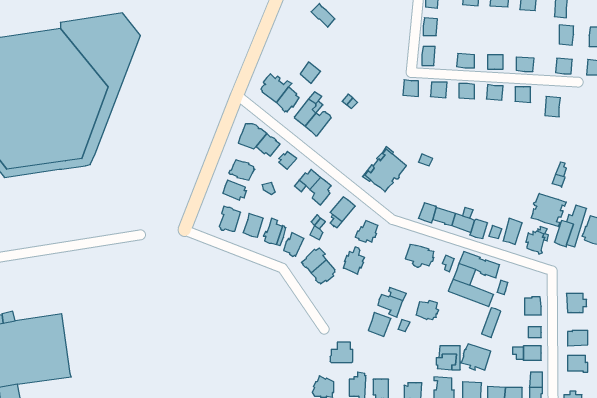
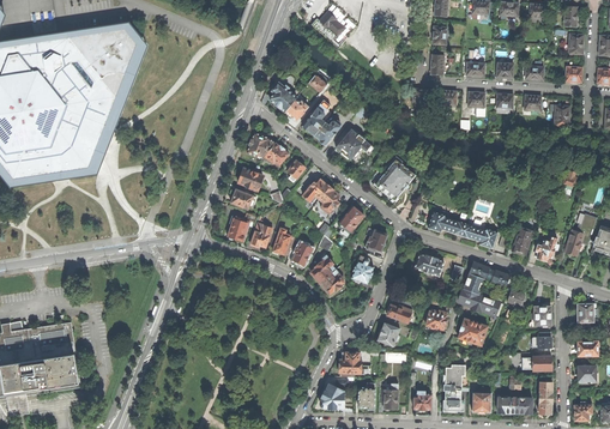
building: none -> [334,128,373,158]
building: [531,193,566,227] -> none
building: [461,344,491,370] -> [457,318,487,344]

